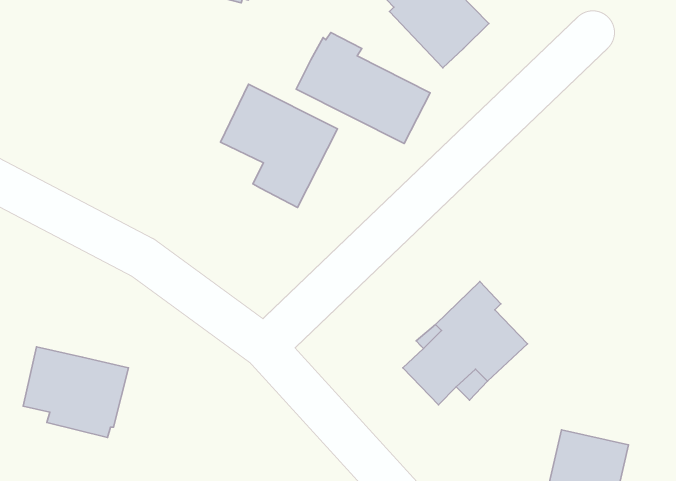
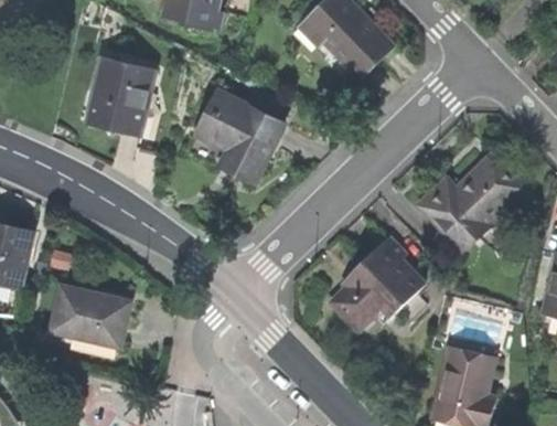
building: [296,32,430,144] -> none
building: none -> [87,58,153,131]
building: none -> [421,156,526,244]

